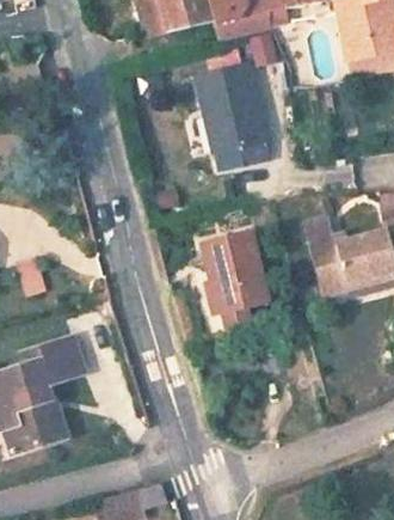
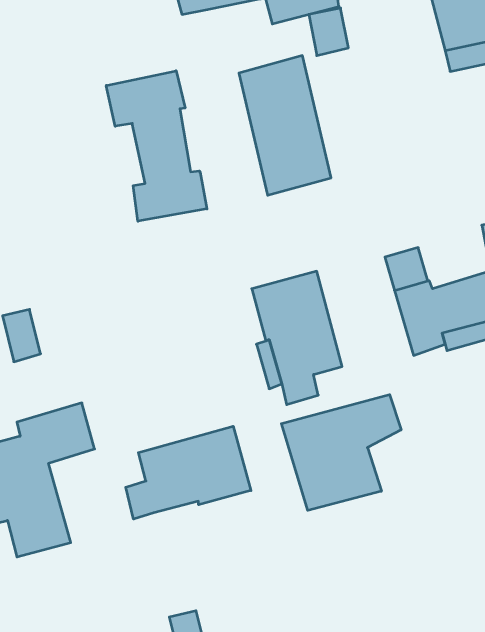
building: none -> [106,71,207,221]
building: none -> [281,395,401,510]
building: none -> [126,426,251,519]

